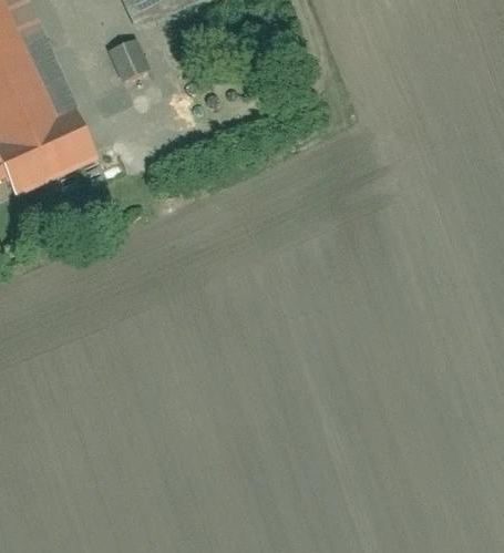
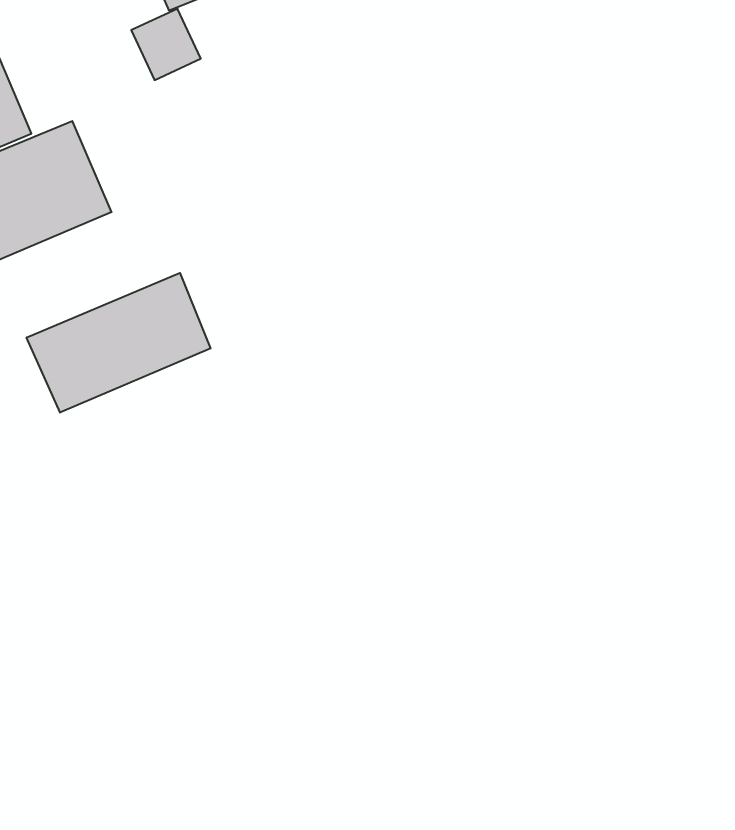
building: none -> [27,273,211,413]

